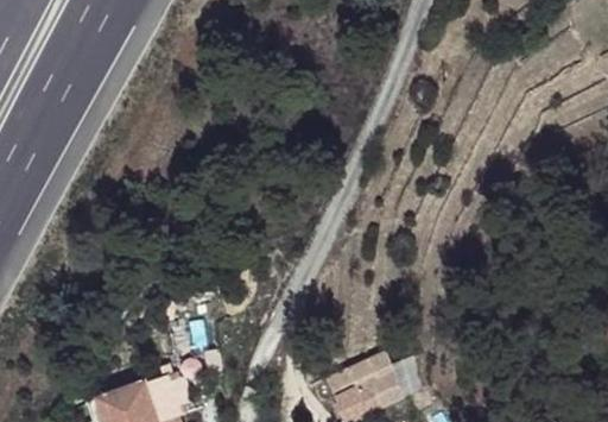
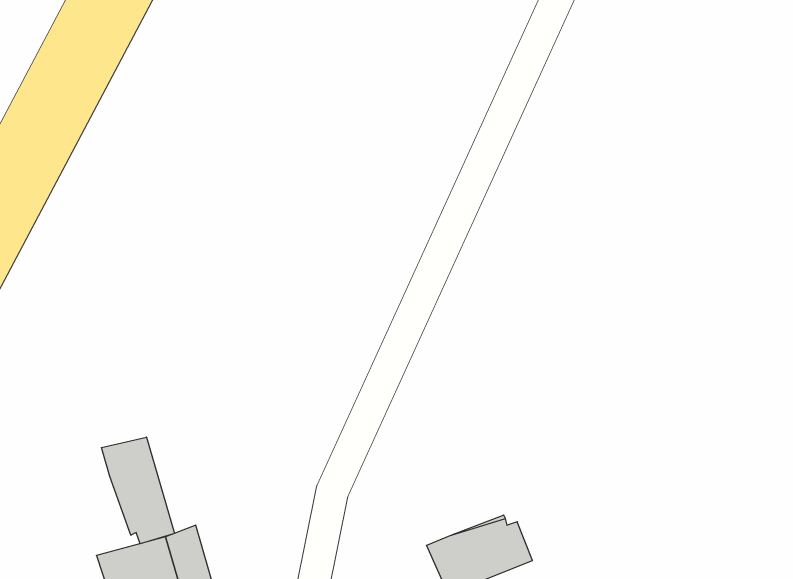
building: none -> [101,437,174,544]

